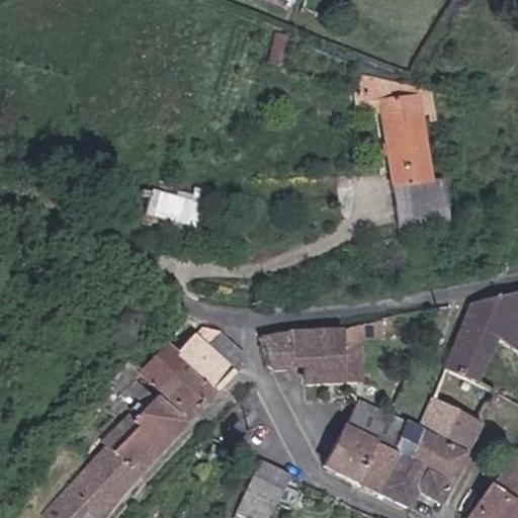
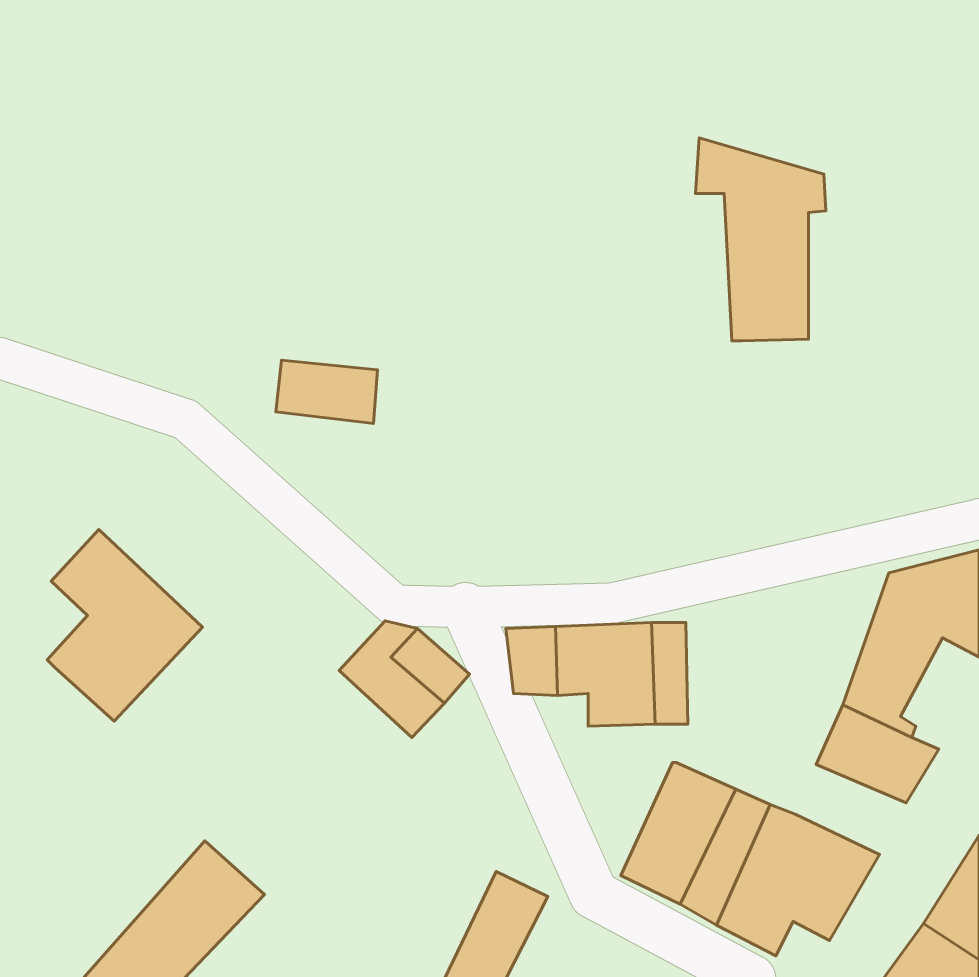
building: [392,179,443,224] -> none
building: [141,344,218,419] -> none
building: [104,372,186,473] -> [47,529,202,721]
building: [420,405,479,452] -> none

